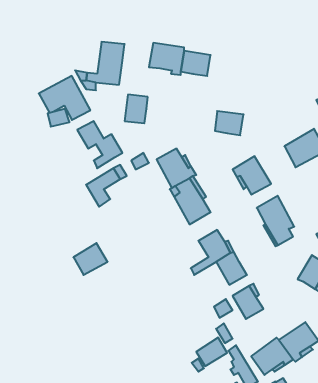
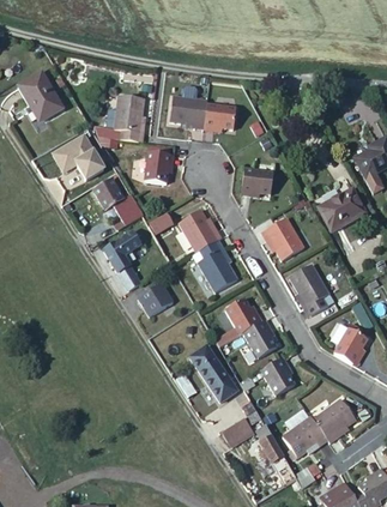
building: none -> [19,72,61,119]
building: [73,243,108,275] -> [139,280,176,315]
building: none -> [191,345,235,402]

